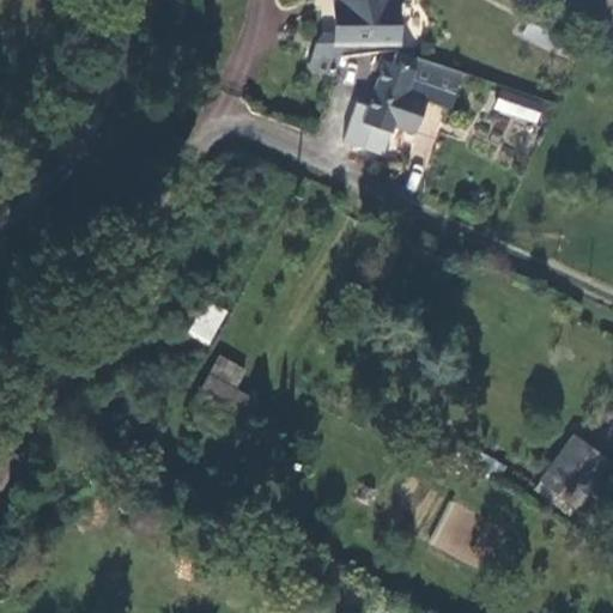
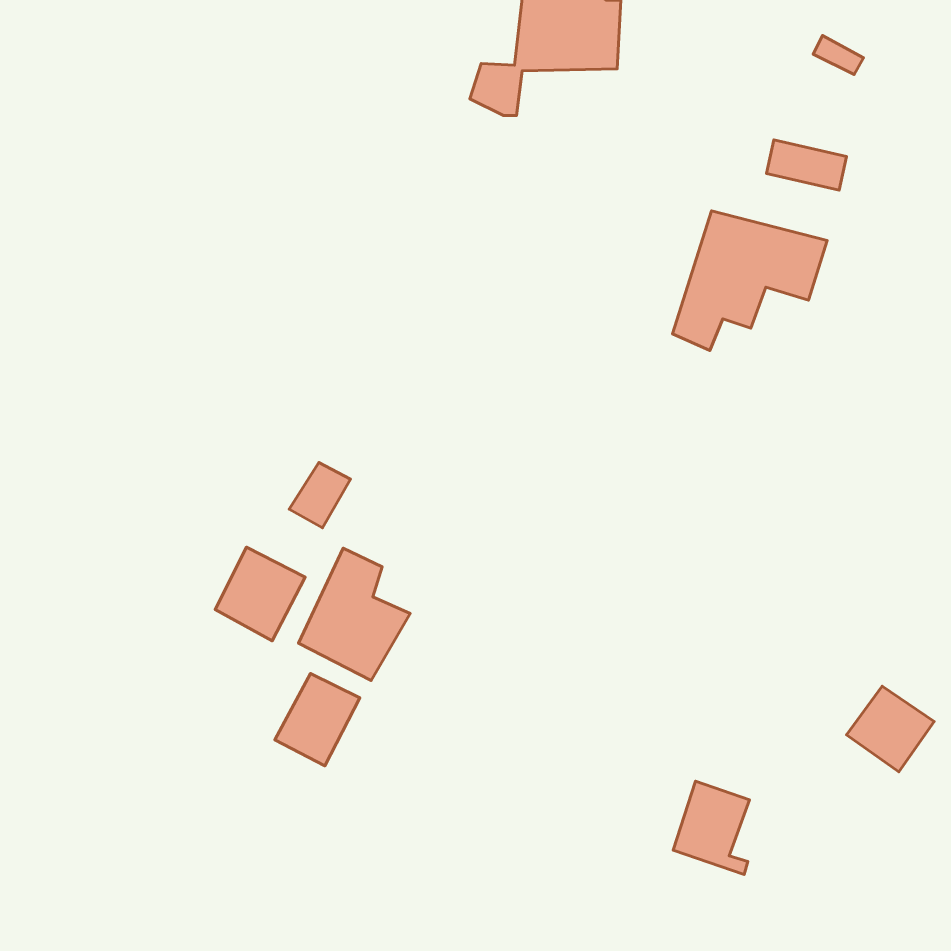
building: [363,56,462,146] -> [672,211,827,351]
building: none -> [215,547,305,641]
building: none -> [275,674,360,766]

